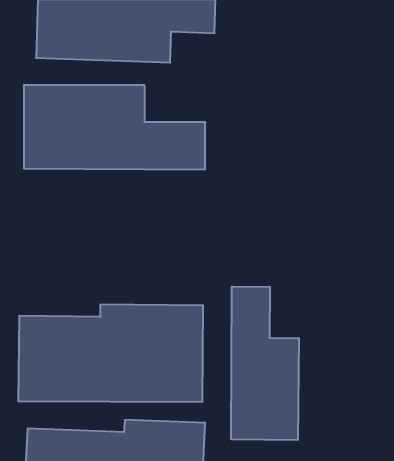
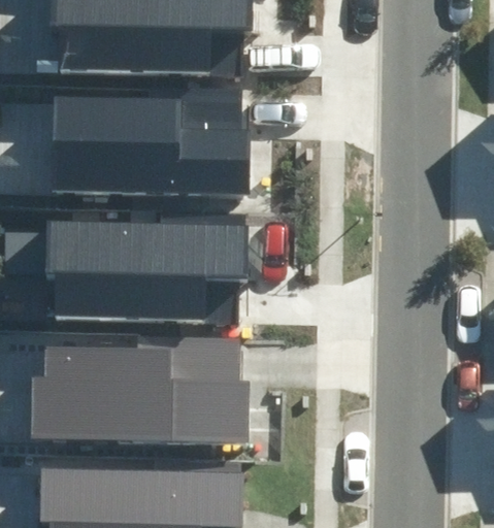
building: none -> [46,218,243,321]
building: [231,286,299,440] -> none

